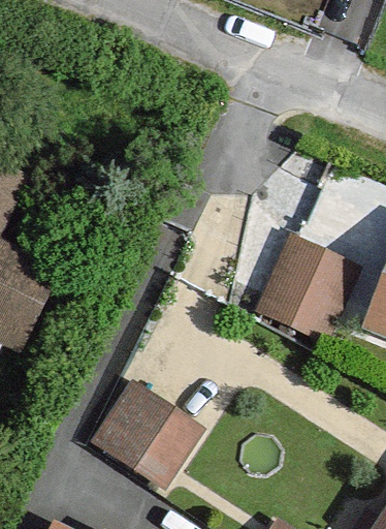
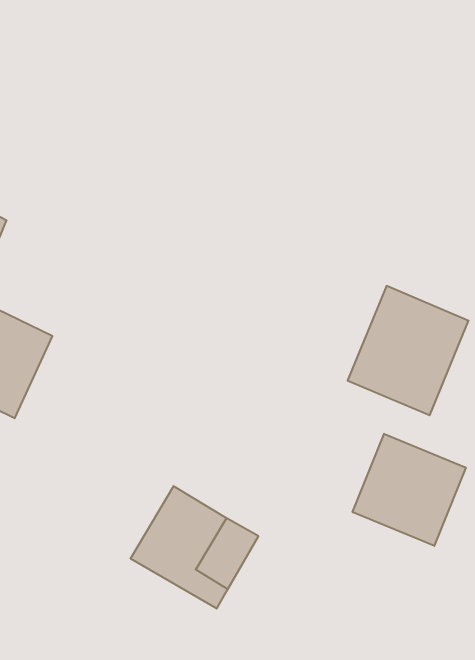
building: none -> [353,434,466,546]

